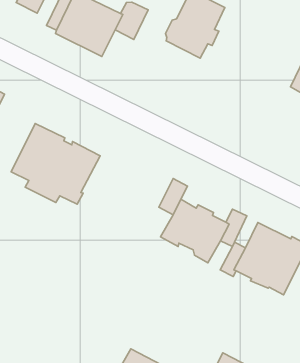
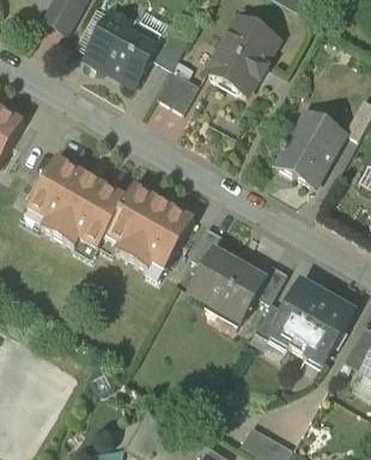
building: none -> [157,69,200,113]
building: none -> [275,116,342,188]
building: none -> [103,183,194,271]

